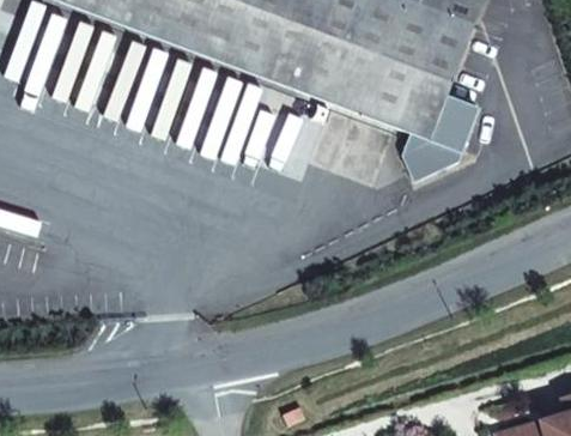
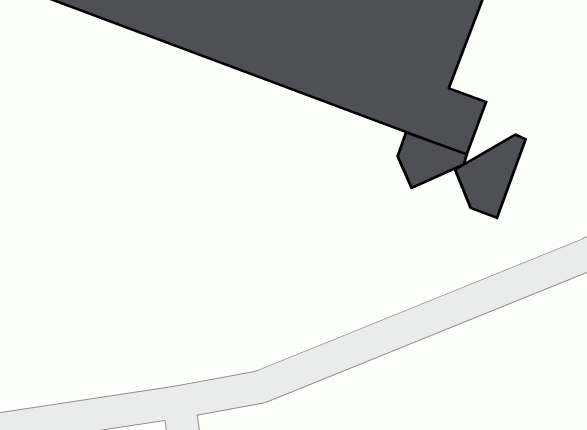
building: none -> [455,135,526,218]

